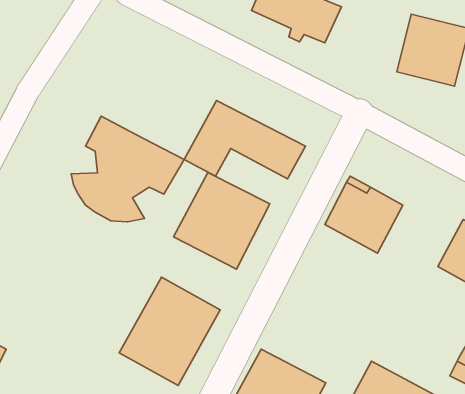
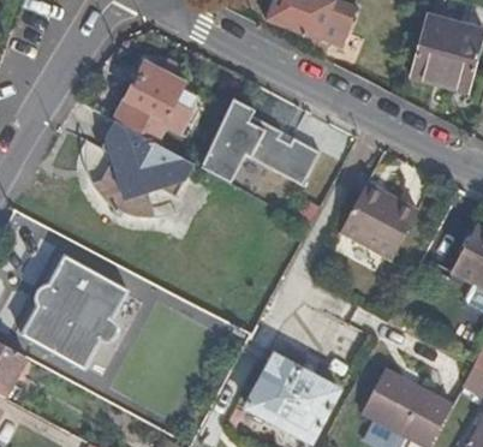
building: none -> [115,60,202,143]
building: [173,173,270,269] -> none
building: [119,277,220,385] -> [23,263,124,371]

